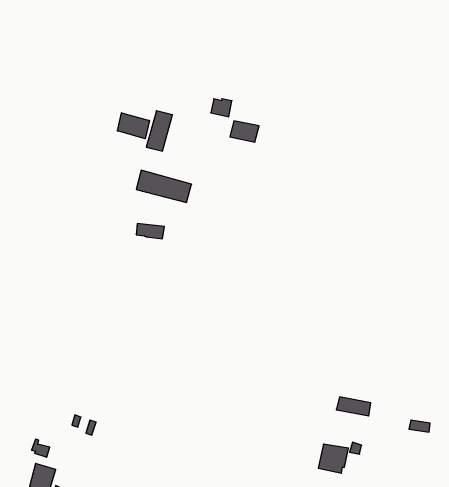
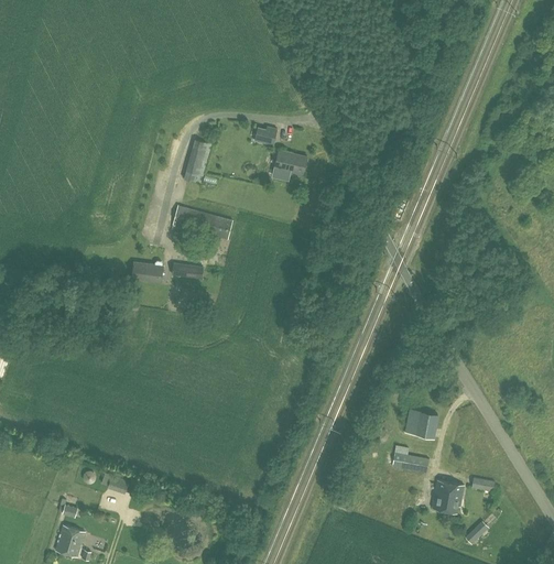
building: [117,113,149,139] -> none
building: none -> [131,261,162,282]
building: none -> [403,409,438,437]
building: [318,444,348,473] -> [431,480,464,512]

